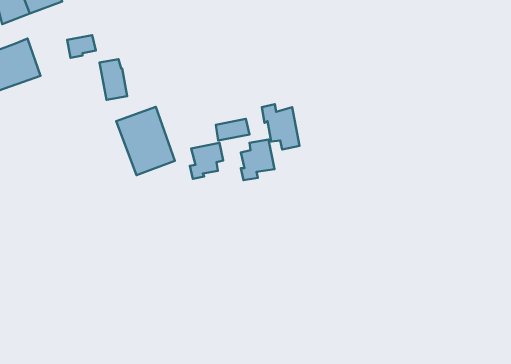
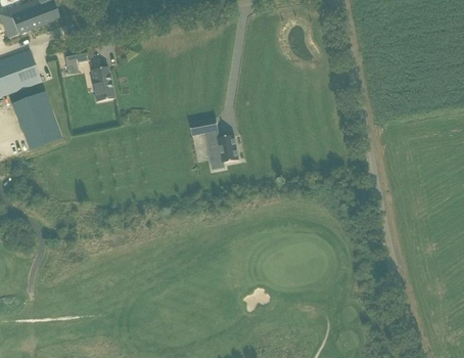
building: [262,104,300,150] -> none
building: [116,107,175,175] -> [10,91,60,149]
building: [190,143,223,179] -> none

